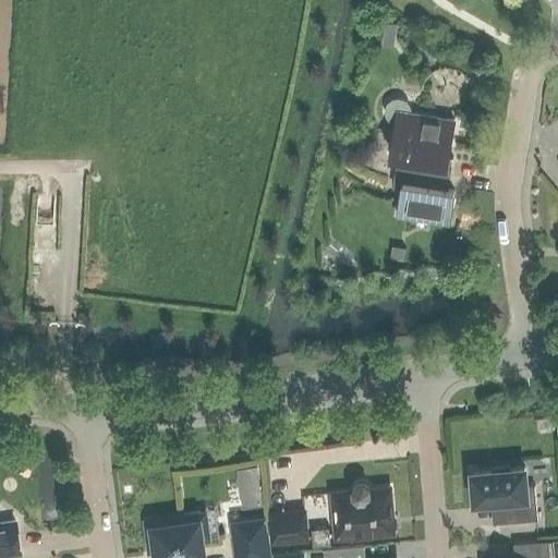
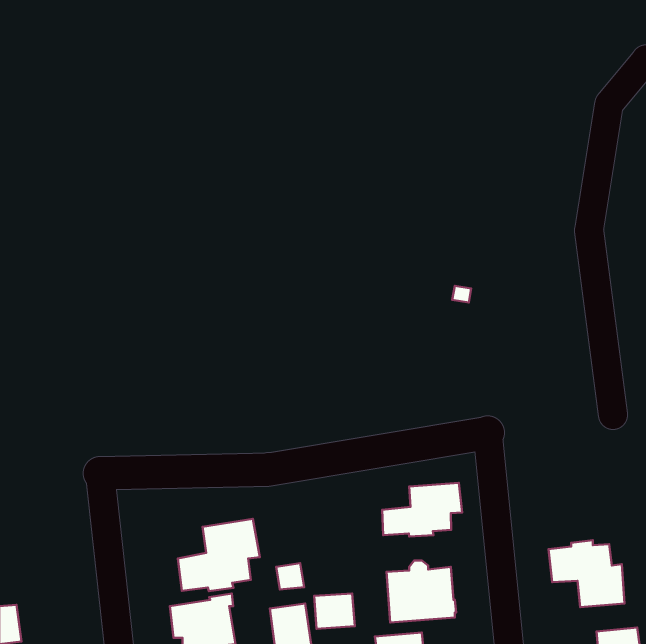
building: [384,100,456,226] -> none
building: none -> [382,483,462,536]
building: none -> [178,519,260,591]

